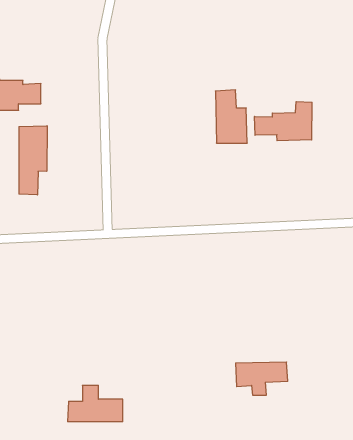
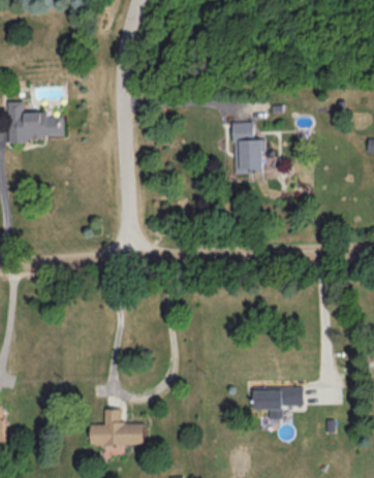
building: [255,102,312,141] -> none
building: [19,126,47,195] -> none

